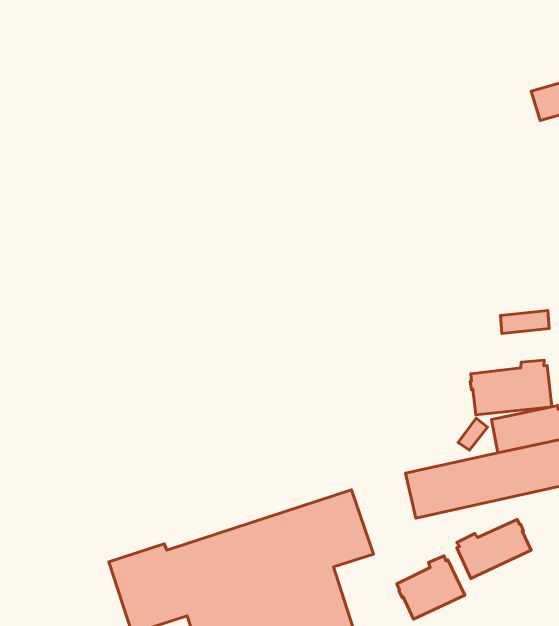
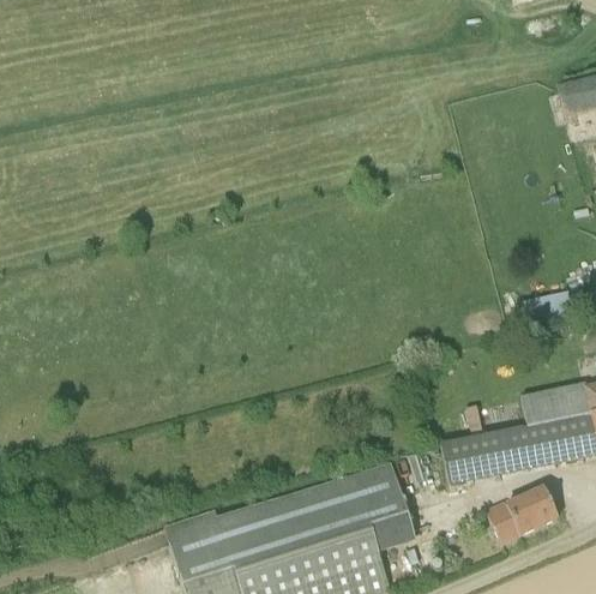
building: [470,360,552,415] -> none
building: [397,556,465,619] -> none

